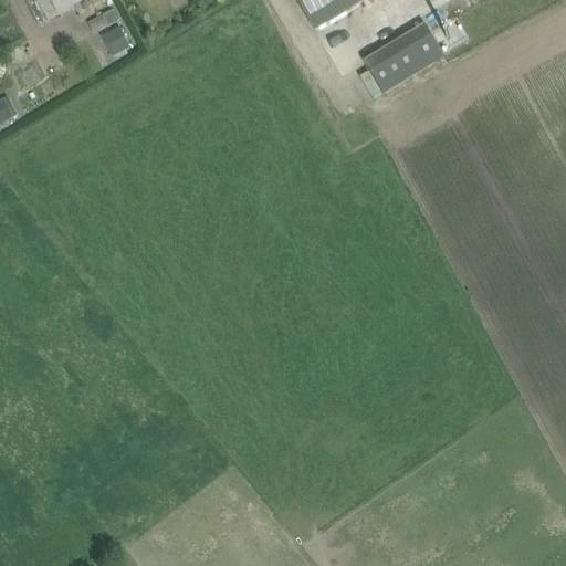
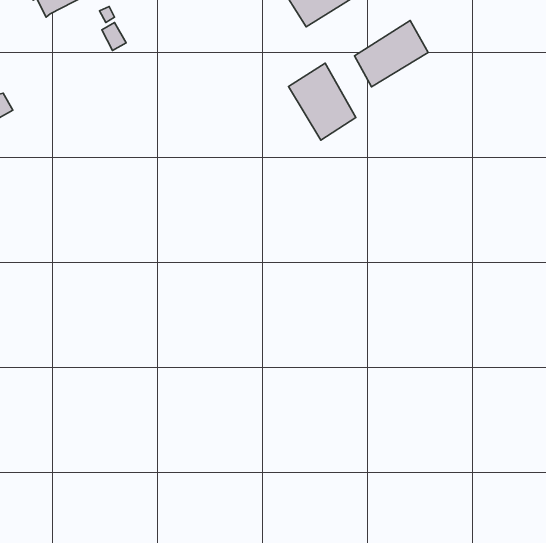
building: none -> [289,63,356,140]

